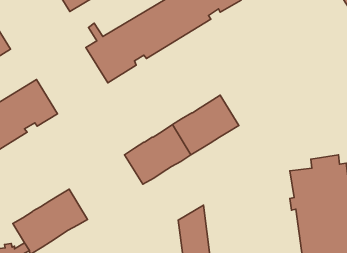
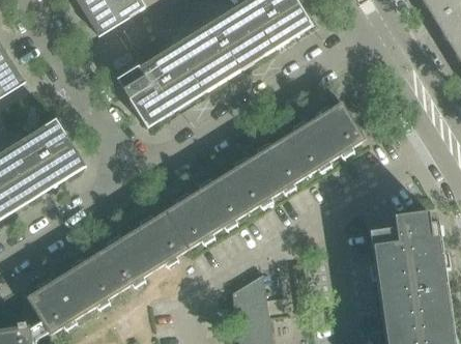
building: none -> [284,103,366,176]
building: none -> [97,212,189,292]

